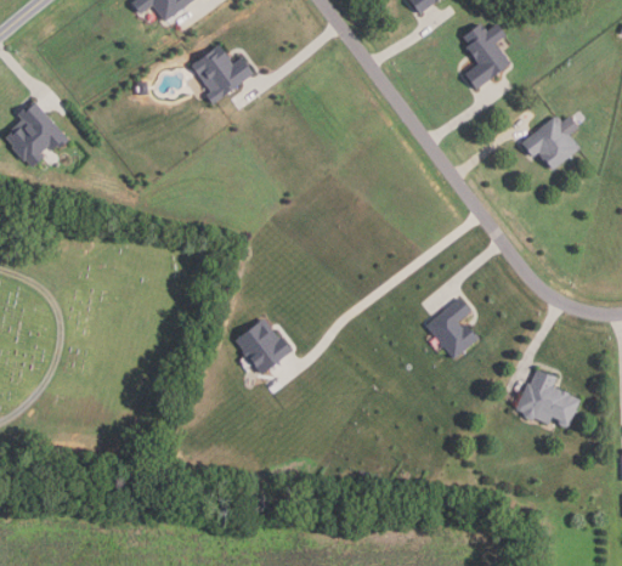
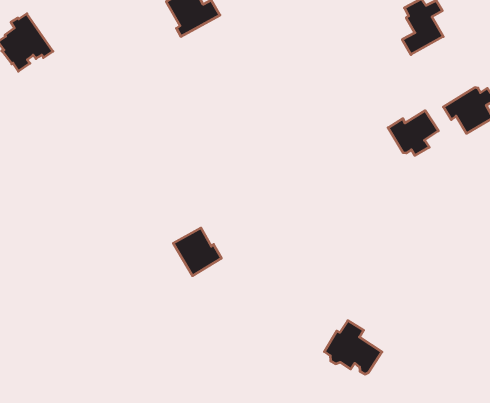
building: none -> [388,111,438,155]
building: [425,298,477,358] -> none
building: [515,369,581,428] -> [324,321,382,374]

